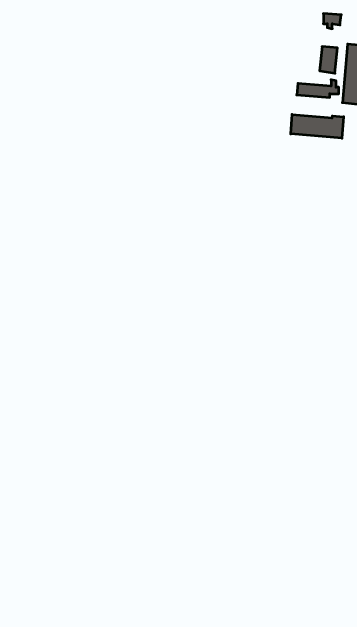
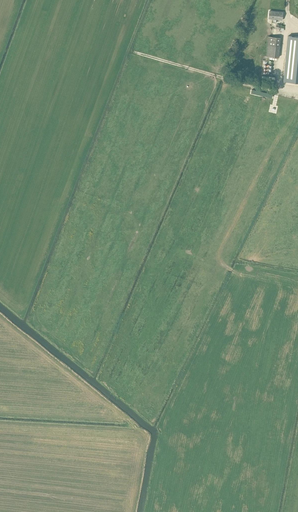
building: [291,114,344,138] -> none

